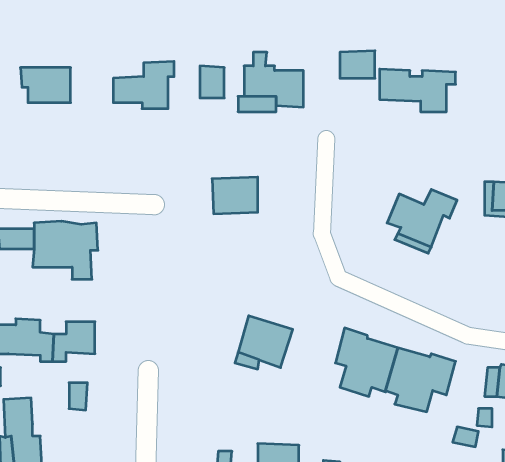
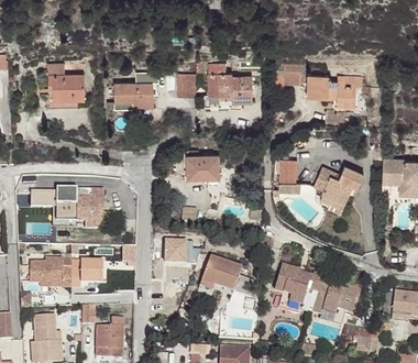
building: none -> [279,161,297,193]
building: none -> [165,240,200,263]
building: none -> [96,315,124,355]

